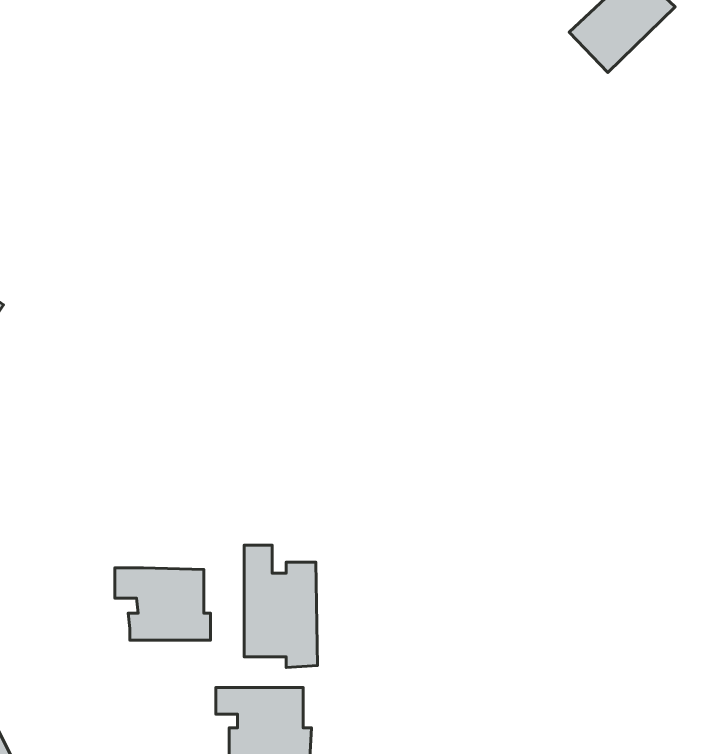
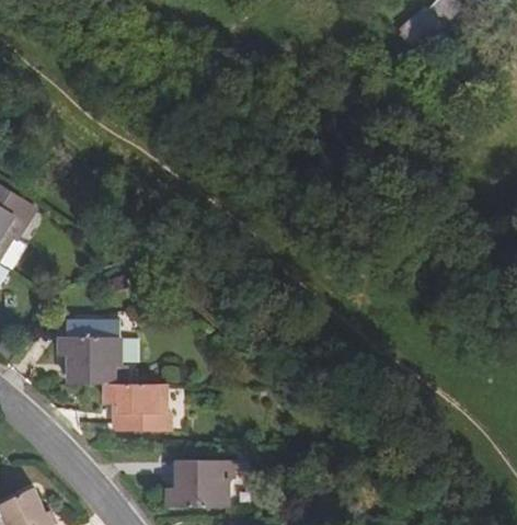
building: none -> [64,334,125,383]
building: [244,545,318,668] -> none

